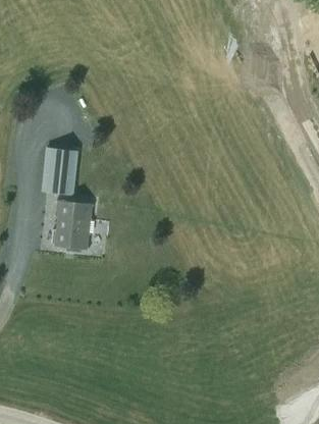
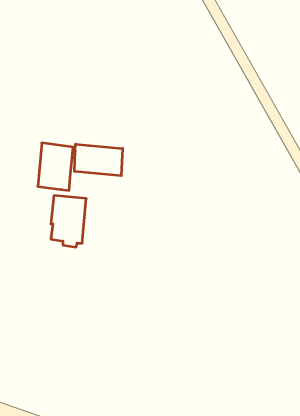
building: none -> [74,144,123,176]

